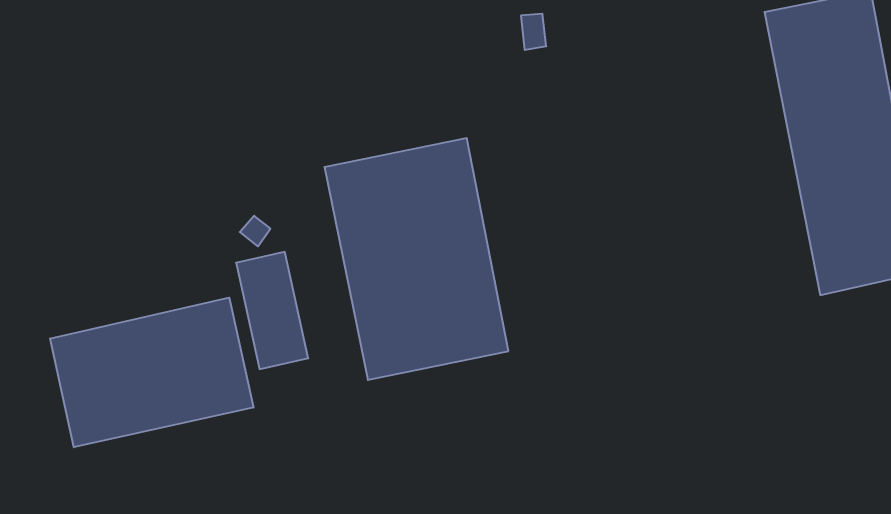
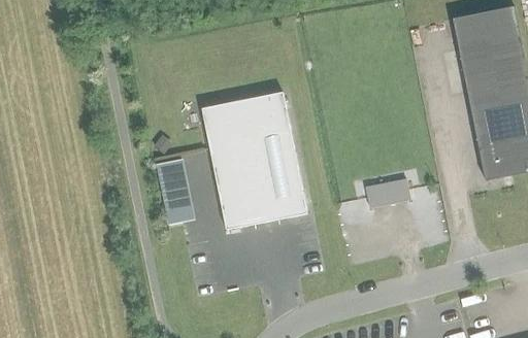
building: none -> [365,178,410,207]
building: [50,298,254,447] -> none

